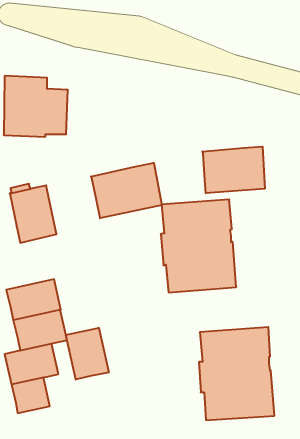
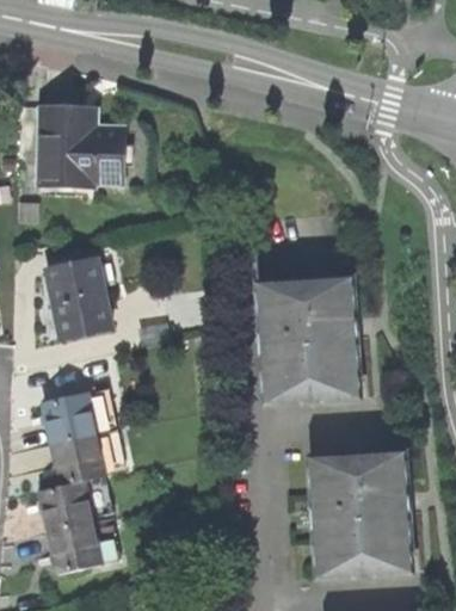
building: [202,147,265,193] -> none
building: [91,163,162,218] -> none
building: [66,328,109,380] -> none

